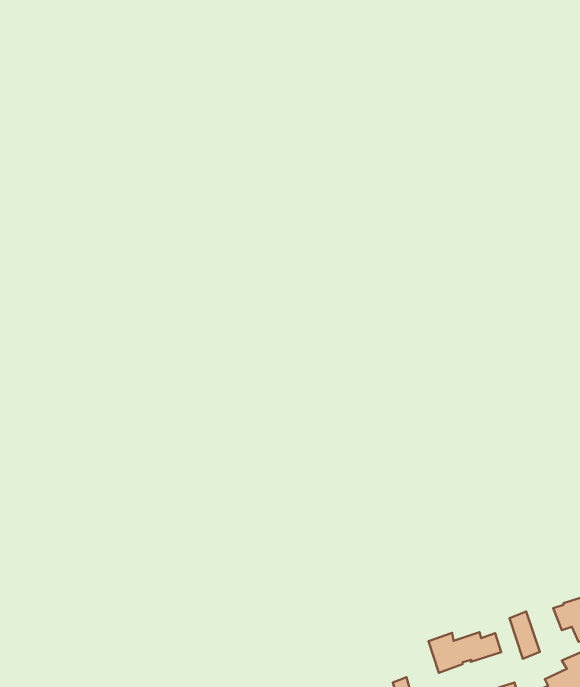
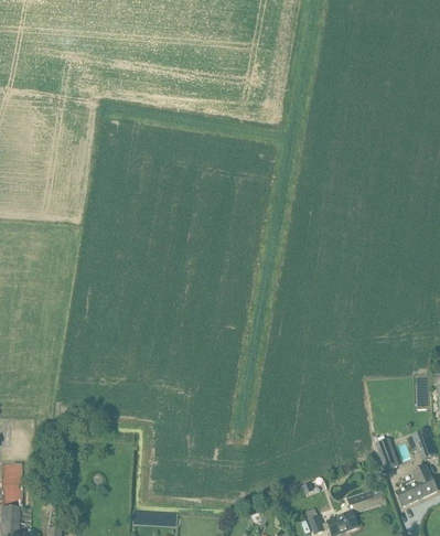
building: [429,632,501,673] -> none

